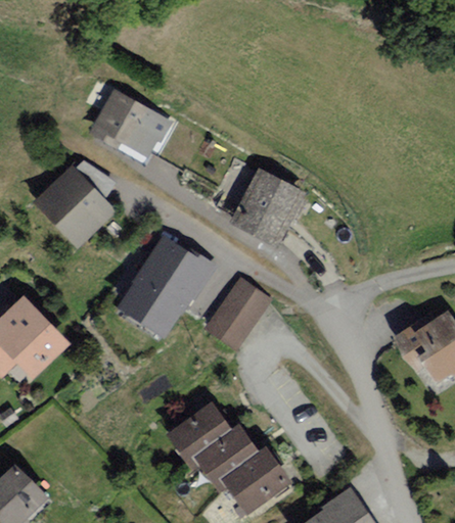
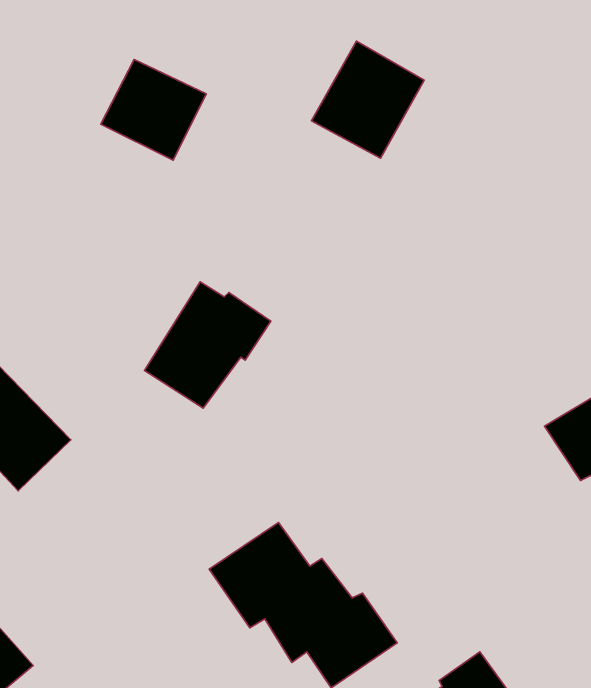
building: [37,168,116,247] -> none
building: [232,168,309,247] -> [311,41,424,158]
building: [206,280,269,349] -> none

